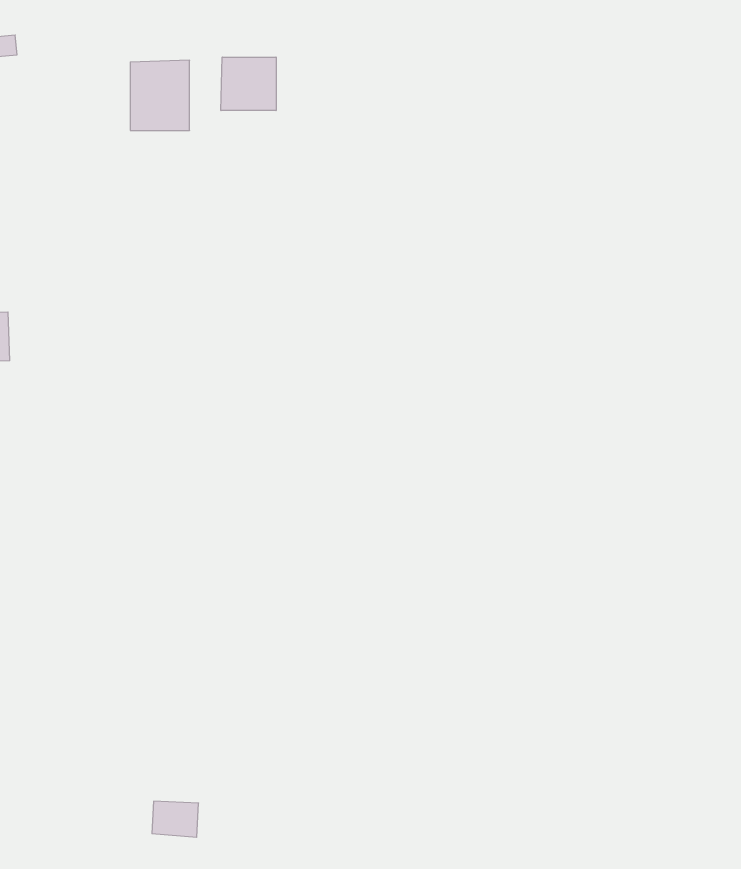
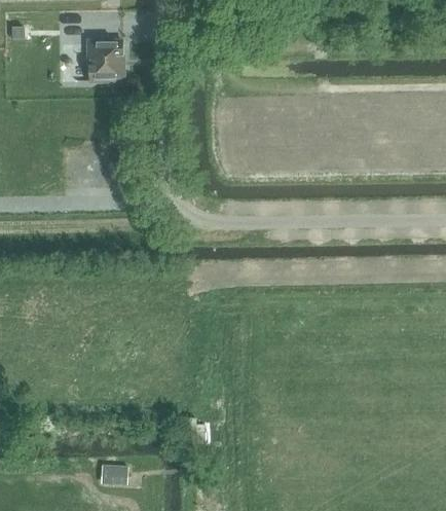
building: [221,57,276,111] -> none

